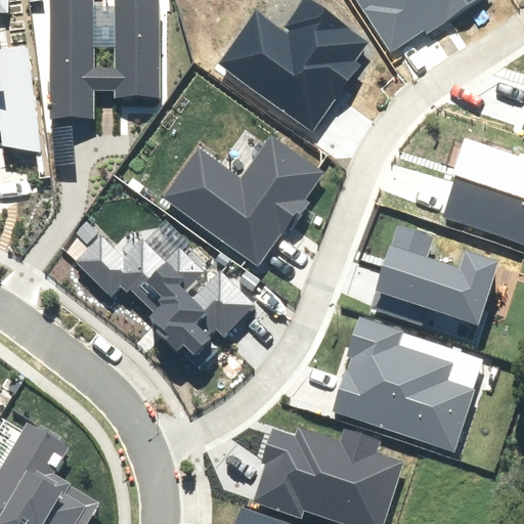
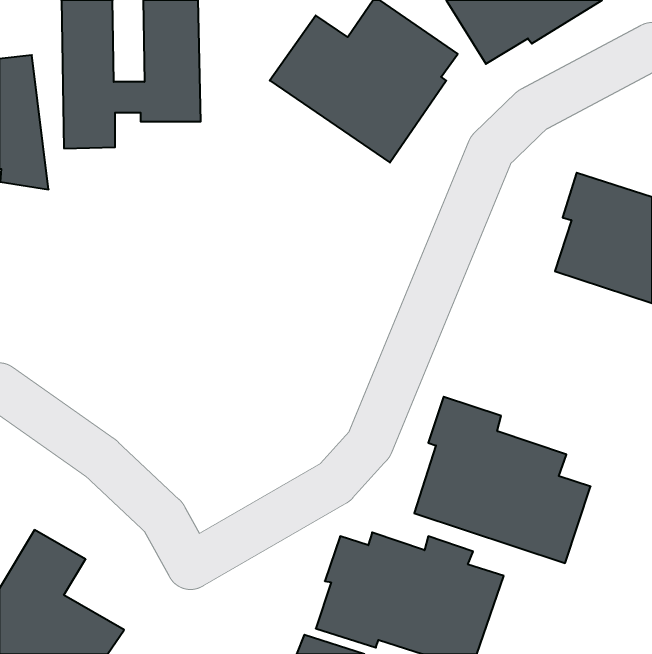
building: [162,134,325,266] -> none
building: [370,225,497,341] -> none
building: [74,235,256,365] -> none

